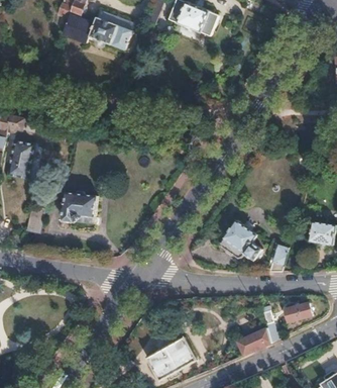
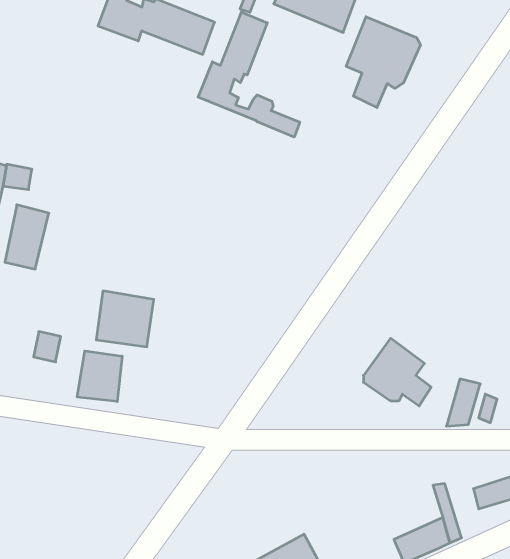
building: none -> [198,12,300,137]
building: none -> [346,17,420,108]
building: none -> [77,351,122,402]

